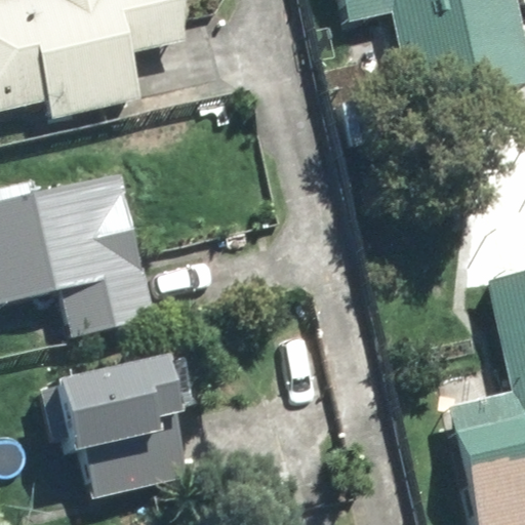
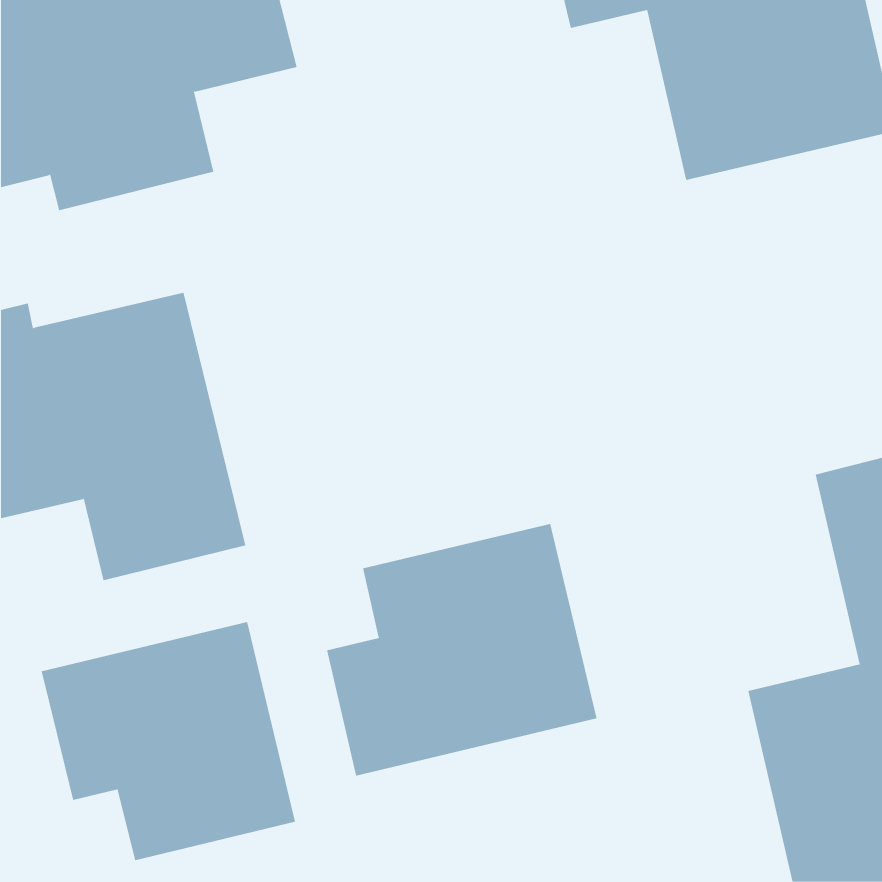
building: none -> [327,523,597,777]

